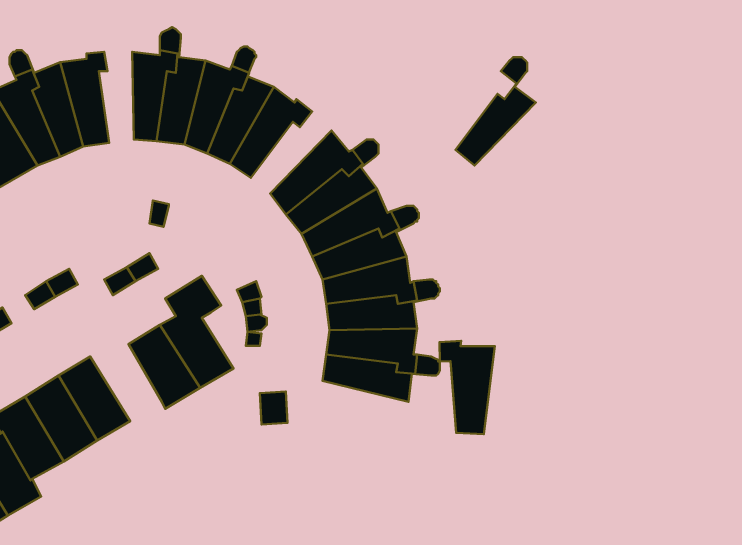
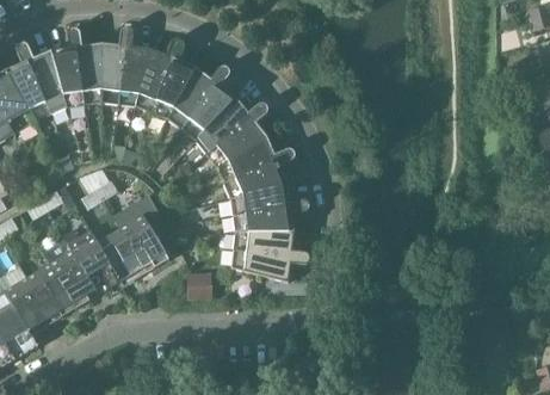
building: none -> [68,25,101,103]
building: [455,57,536,166] -> [181,63,236,137]
building: none -> [67,227,120,292]
building: [440,341,495,434] -> none

